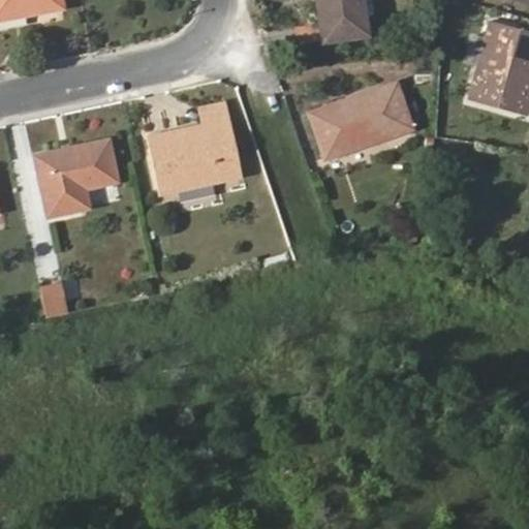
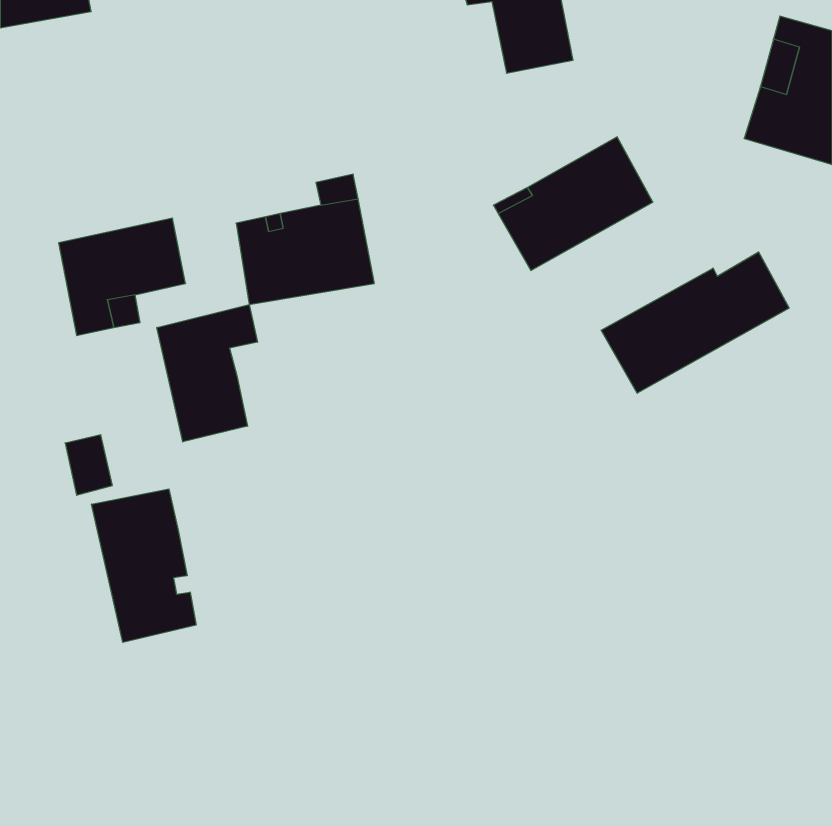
building: none -> [601,252,789,393]
building: none -> [157,305,257,442]
building: none -> [92,489,196,642]

